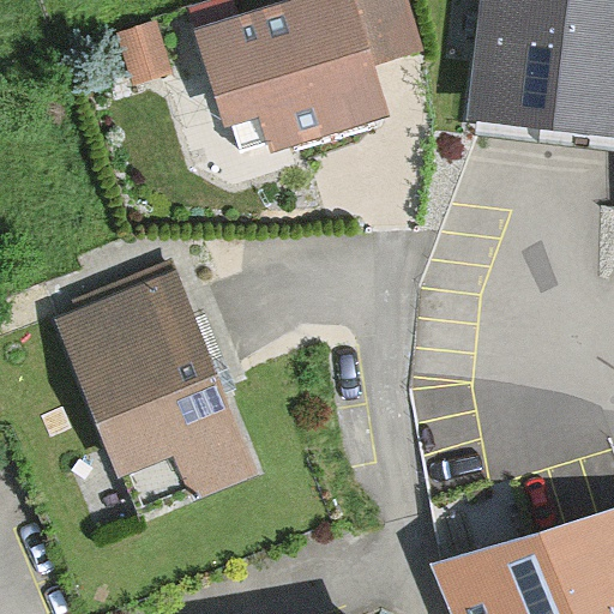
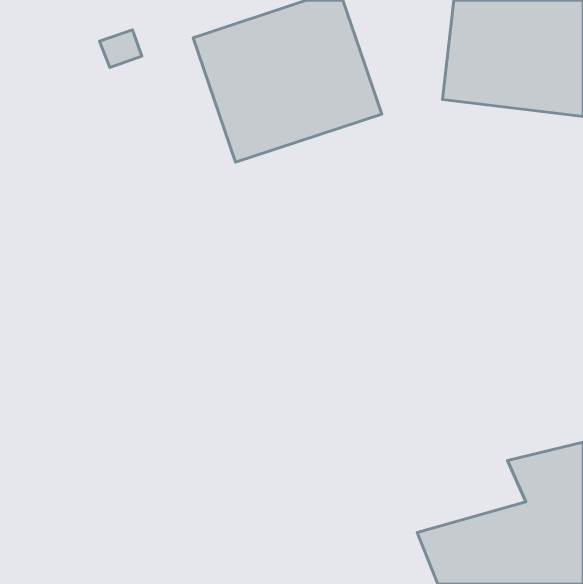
building: [64,269,263,529] -> none

